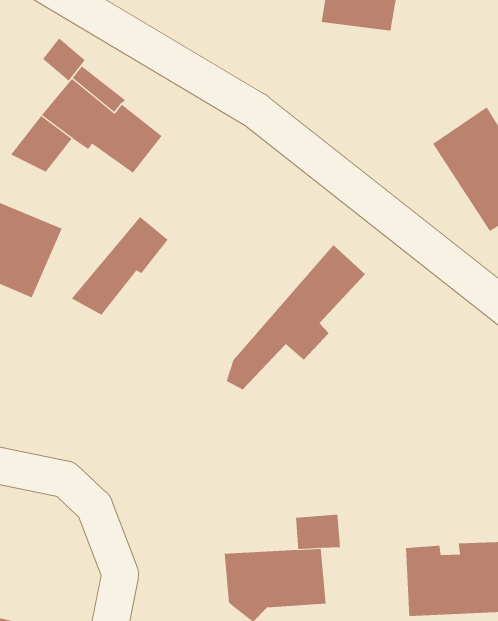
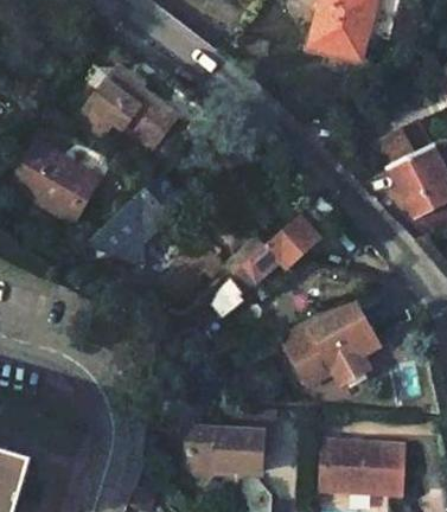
building: none -> [280,303,373,385]

